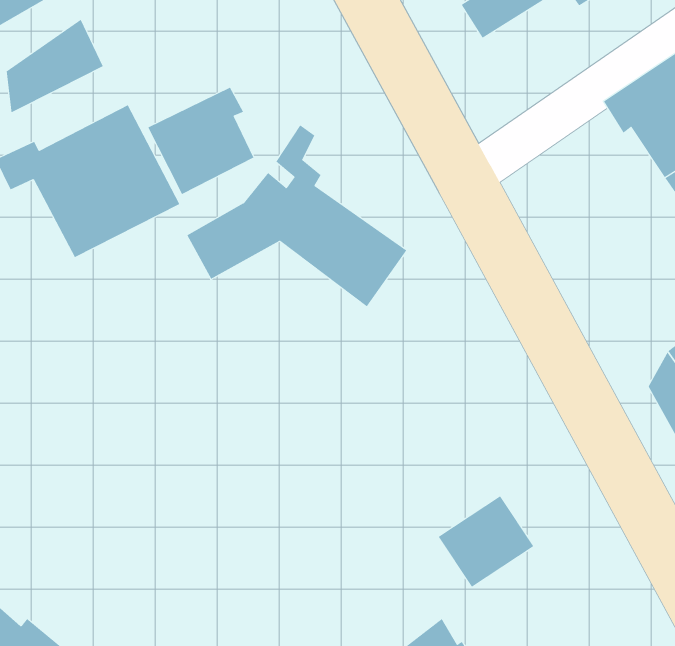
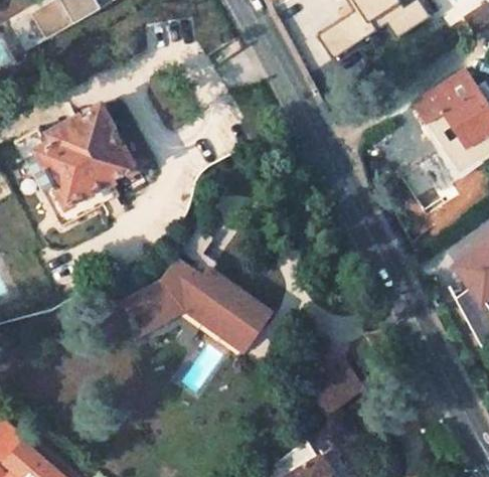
building: [6,19,103,113] -> none
building: [147,87,254,195] -> none
building: [186,125,407,307] -> [126,229,271,349]

